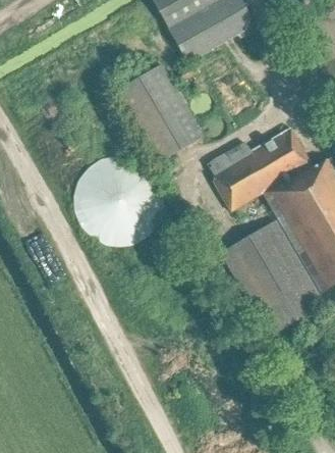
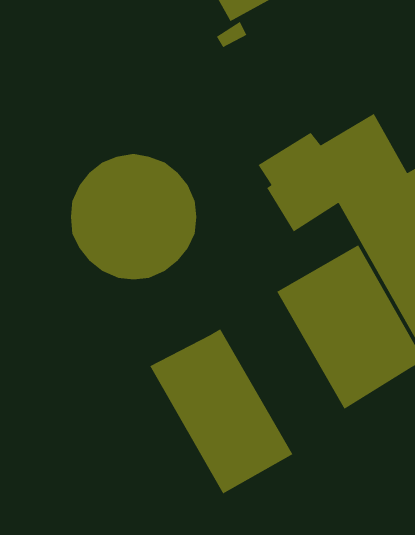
building: [114,62,205,162] -> none
building: none -> [149,328,294,494]

